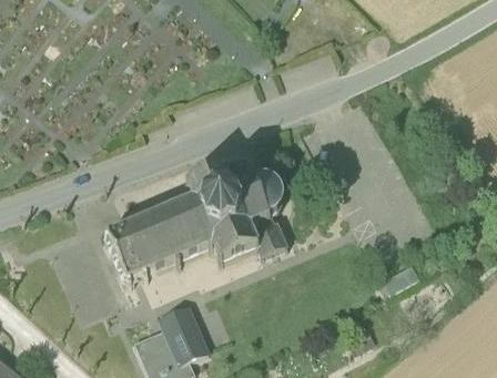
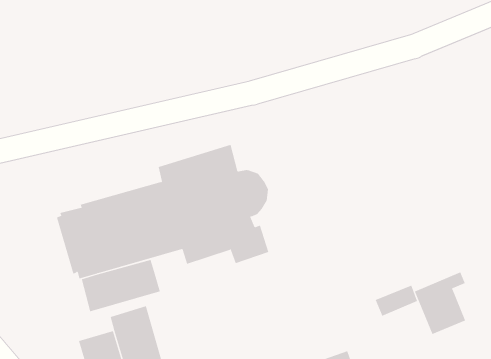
building: none -> [414,272,466,335]
building: none -> [81,259,161,312]

